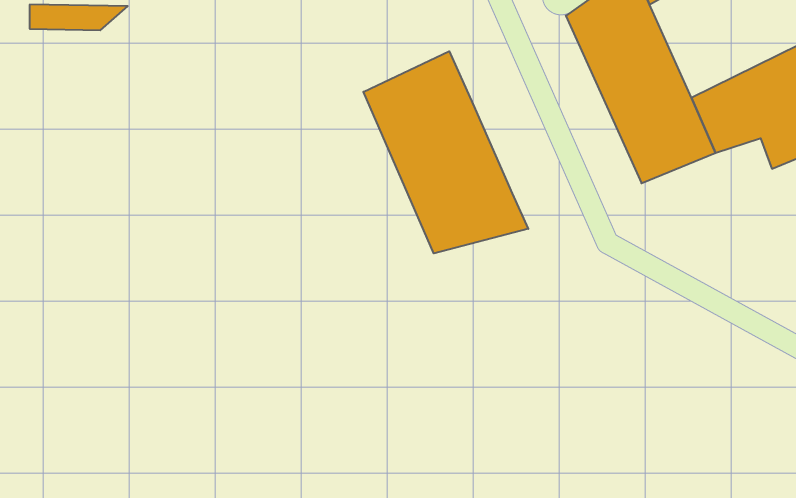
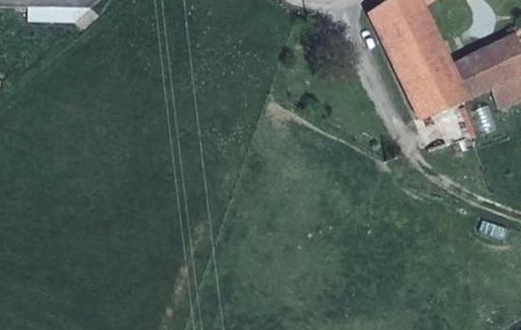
building: [363,51,528,253] -> none

